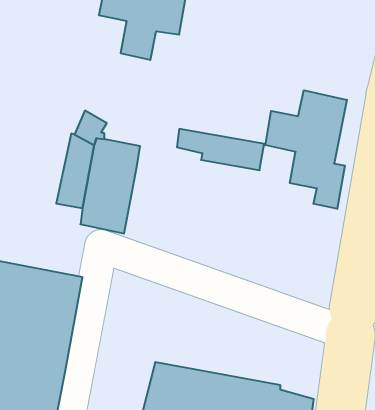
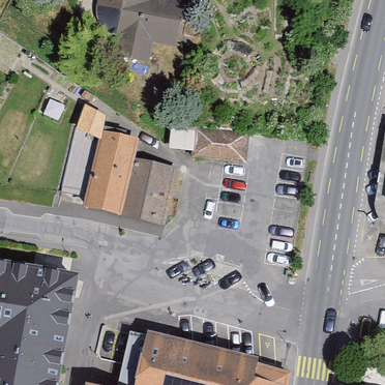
building: [265,90,347,209] -> none
building: none -> [119,162,168,230]

